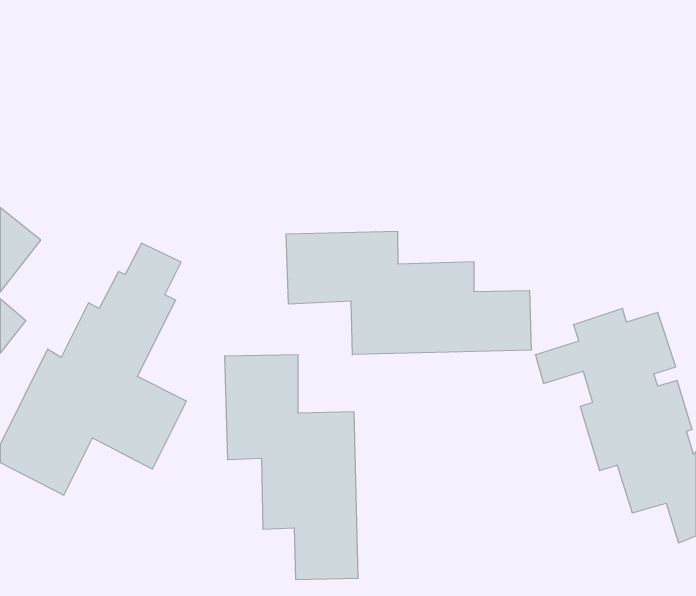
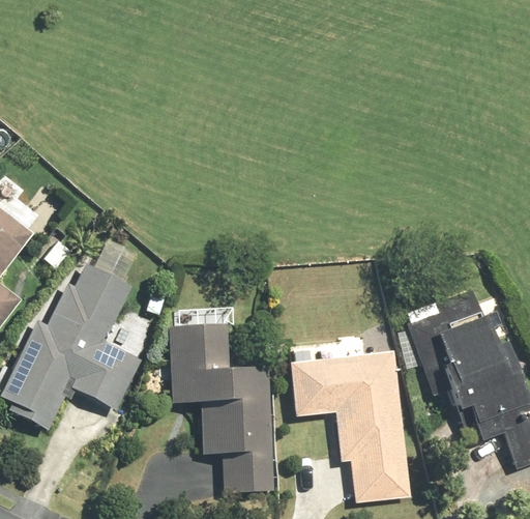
building: [286,231,531,355] -> none
building: none -> [292,351,410,502]

